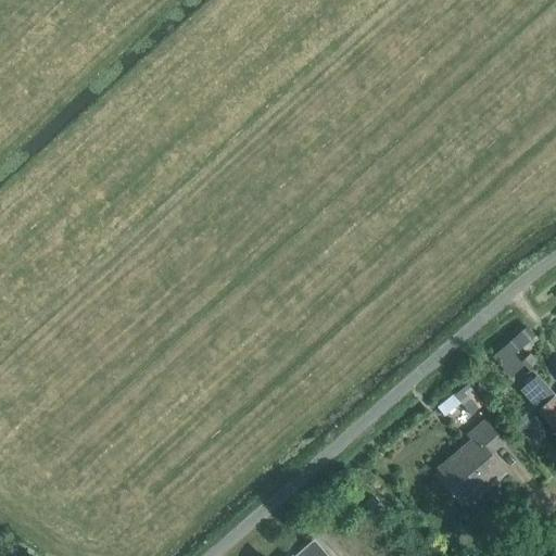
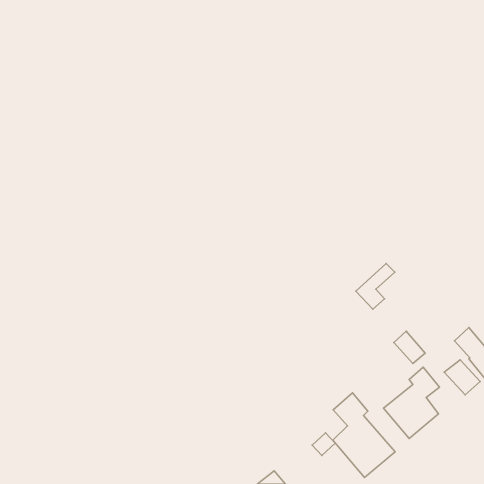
building: [492,325,536,377] -> [356,264,395,309]
building: none -> [333,393,395,478]

